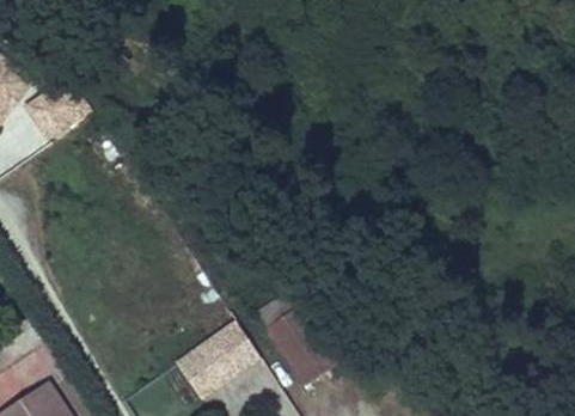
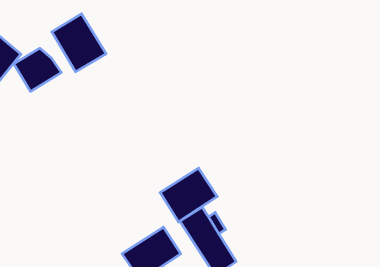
building: none -> [52,14,106,72]
building: none -> [160,168,217,222]

